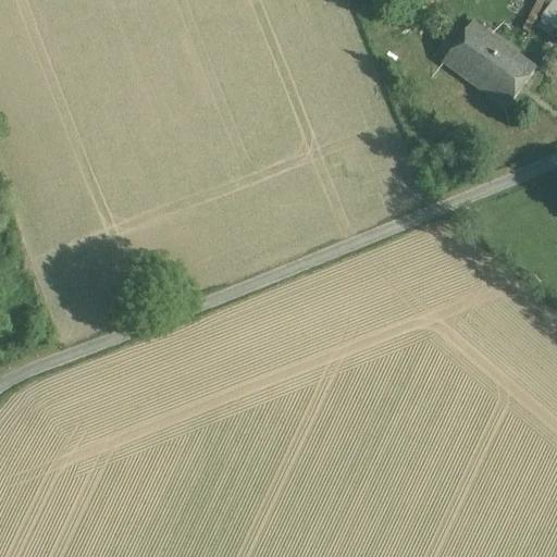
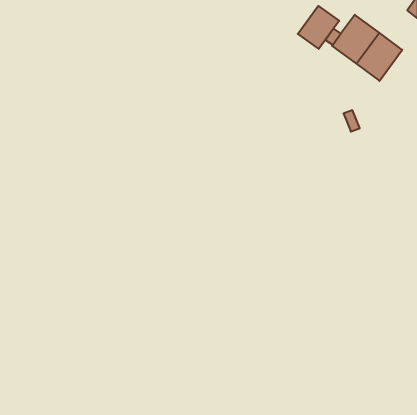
building: none -> [298,6,339,49]

